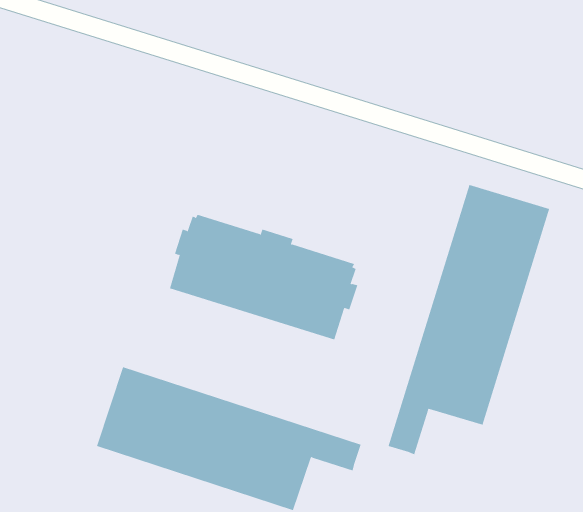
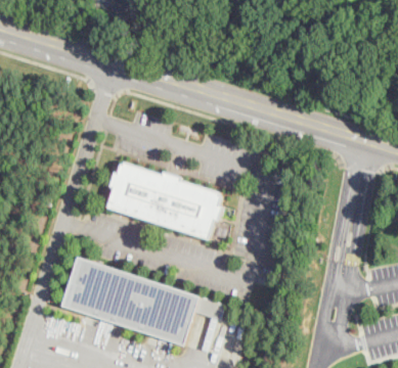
building: [388,184,550,455] -> none

